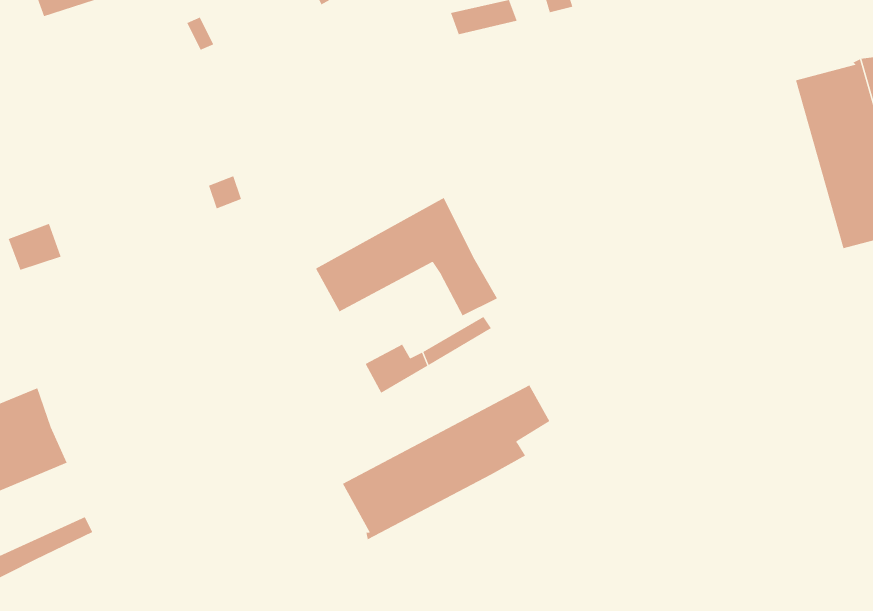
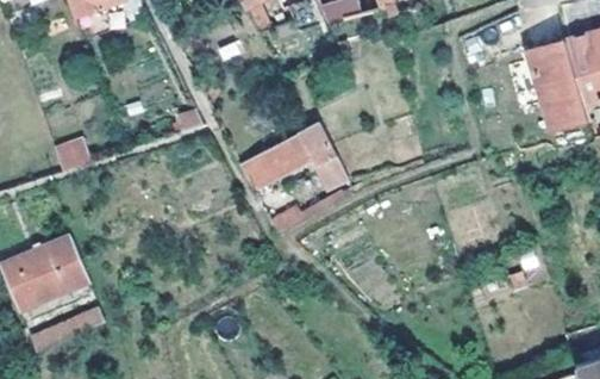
building: [342,384,550,540] -> none

